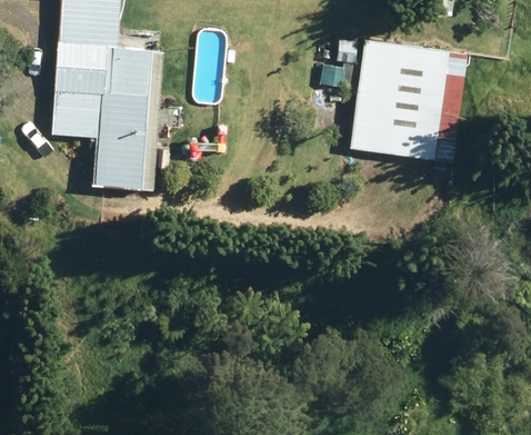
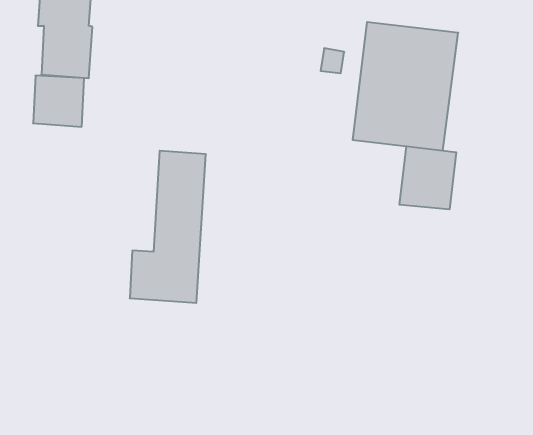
building: [82,46,153,188] -> [130,151,206,303]
building: none -> [399,146,456,209]

